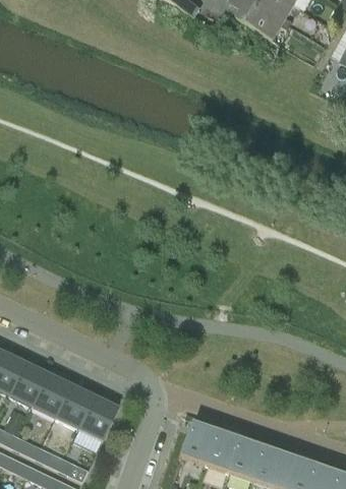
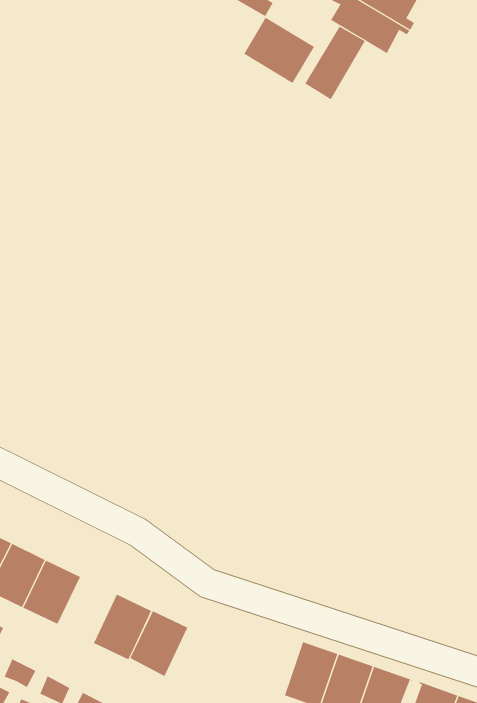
building: none -> [243,17,315,84]
building: none -> [304,26,365,100]
building: [56,385,95,429] -> [130,611,188,677]
building: [182,420,218,464] -> none

